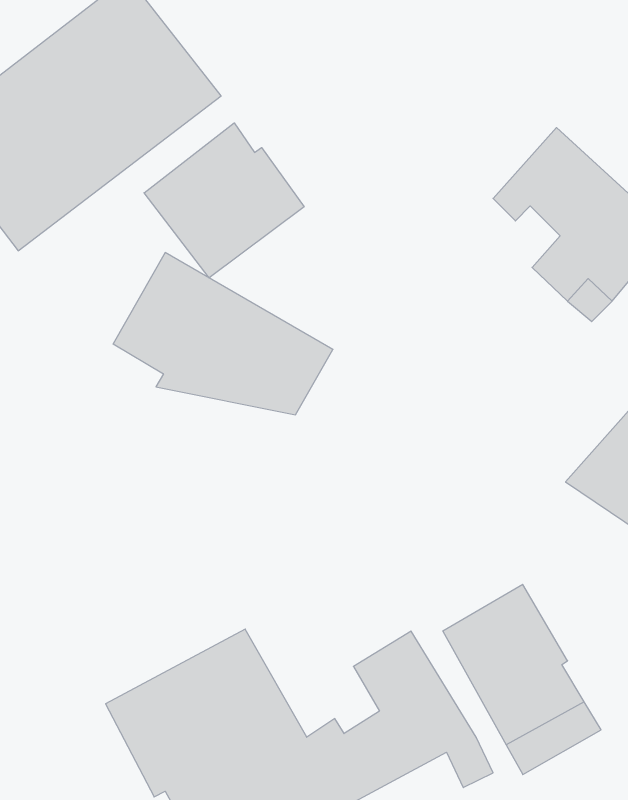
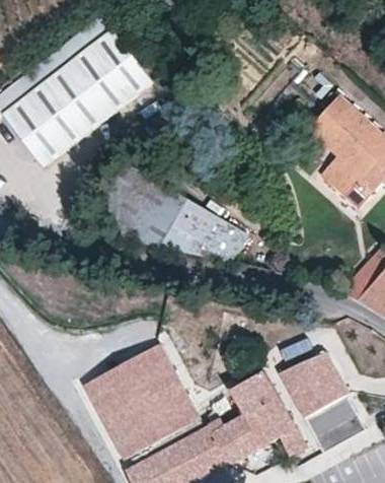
building: [144,123,304,278] -> none
building: none -> [199,218,253,263]
building: none -> [82,346,171,411]

